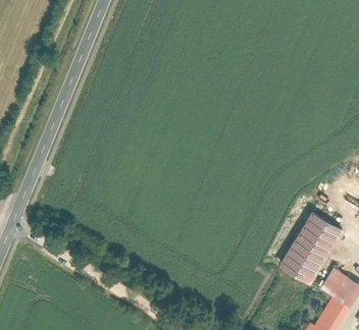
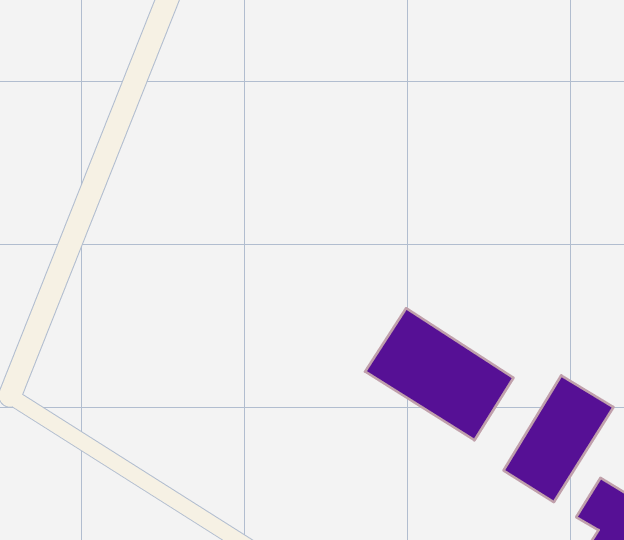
building: none -> [365,308,513,440]

